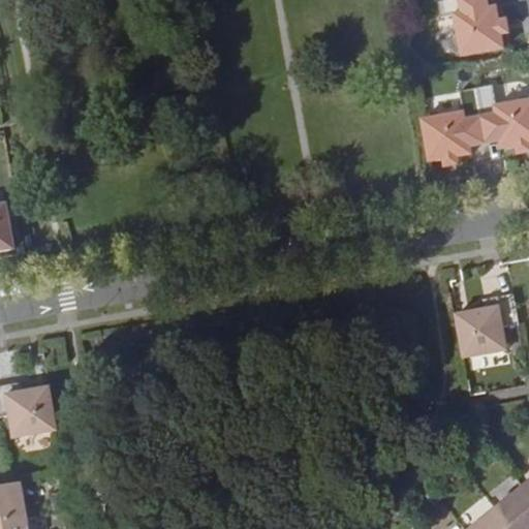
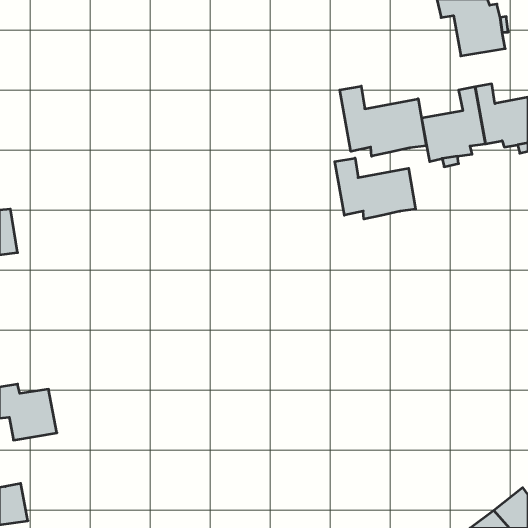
building: none -> [340,86,426,156]
building: none -> [335,158,416,219]
building: [455,293,517,359] -> none

